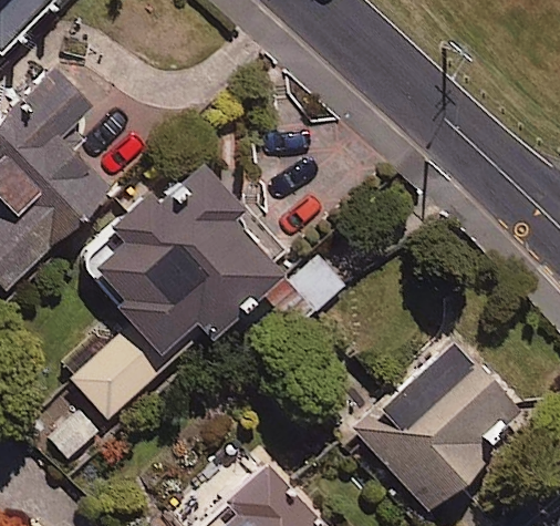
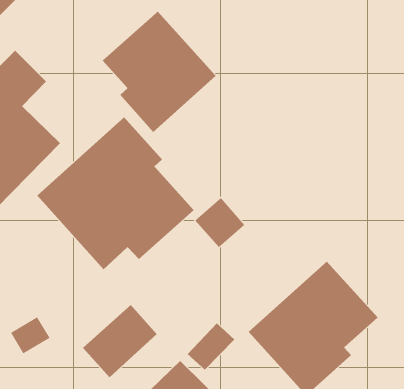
building: none -> [102,11,217,133]
building: [70,324,167,420] -> [82,304,158,378]

